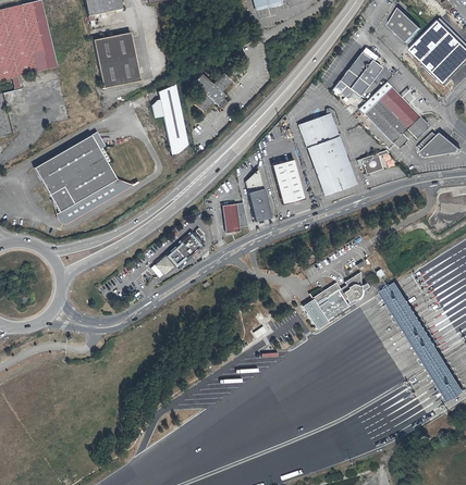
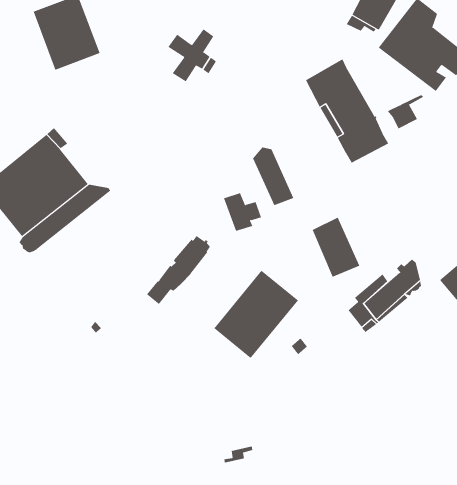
building: [152,84,189,154] -> none
building: [274,158,307,203] -> [312,217,360,278]
building: none -> [213,270,299,359]

